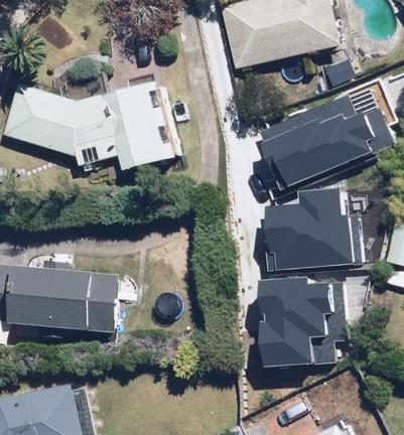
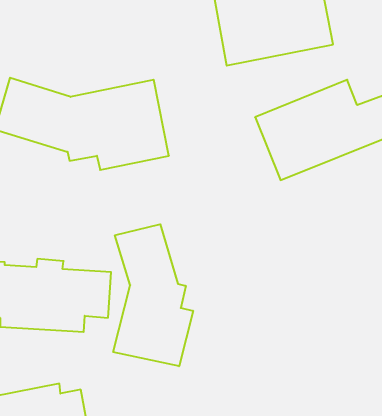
building: [270,184,365,264] -> none
building: none -> [113,224,193,366]
building: [261,268,350,357] -> none

